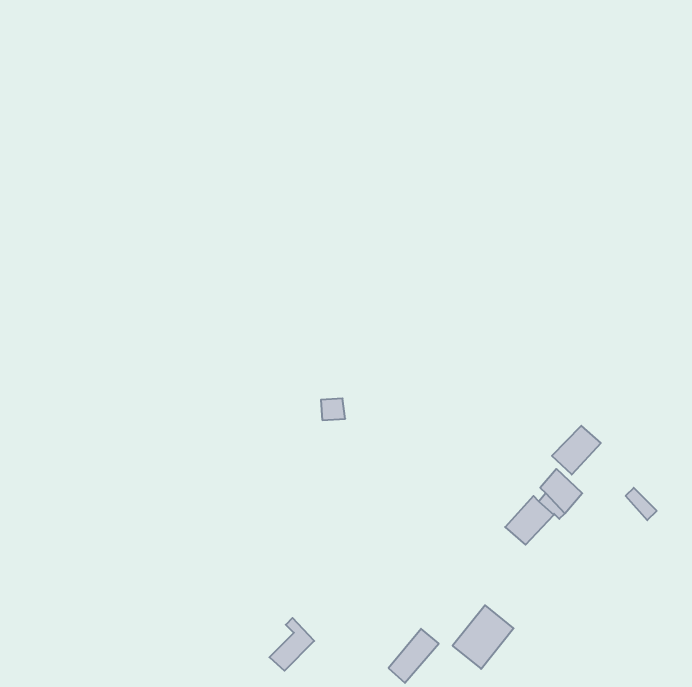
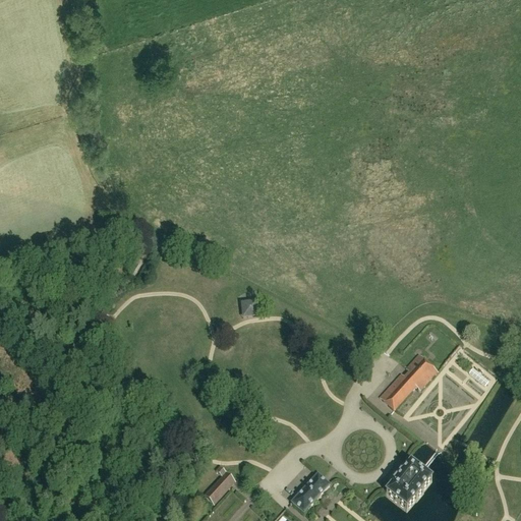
building: [552,426,601,475] -> none
building: [453,605,514,669] -> [386,461,431,509]

